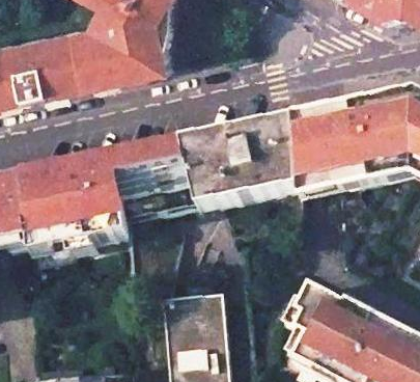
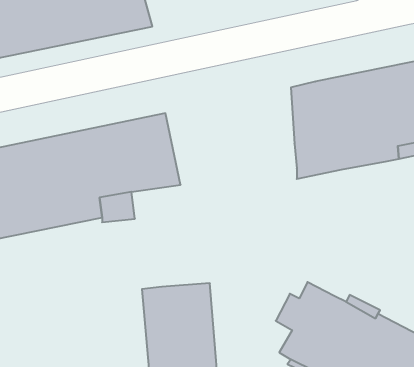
building: [184,116,300,204] -> none

